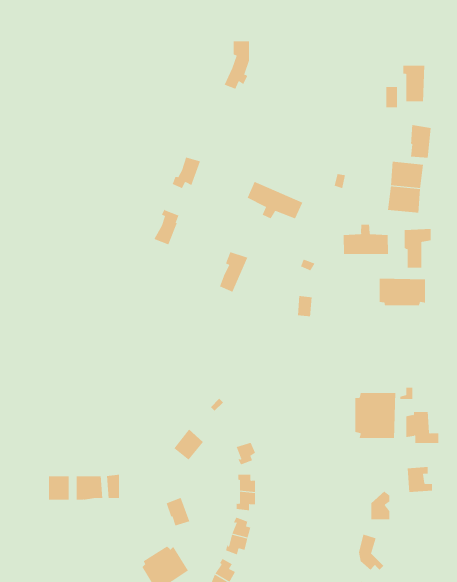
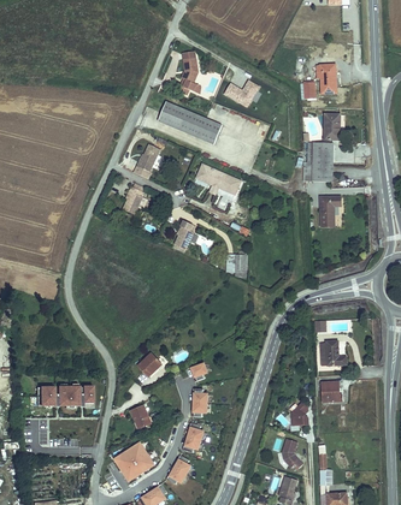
building: none -> [223,76,259,105]
building: none -> [157,97,222,141]
building: [343,224,388,255] -> none
building: [379,278,425,306] -> none
building: [355,392,396,439] -> none

